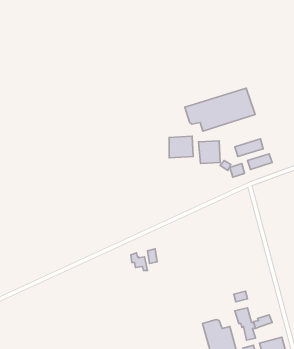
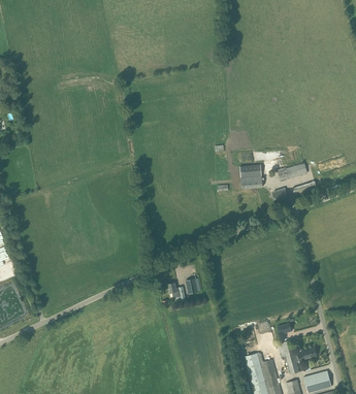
building: [185,88,255,131] -> none
building: [169,136,193,158] -> none

